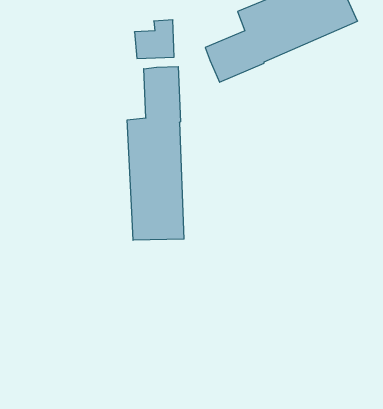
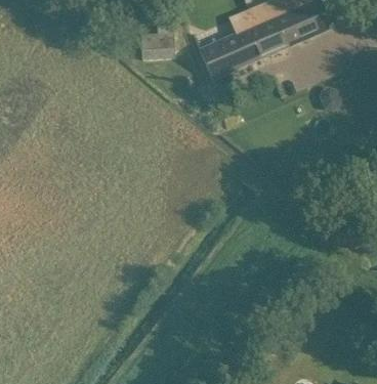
building: [127,67,184,240] -> none

